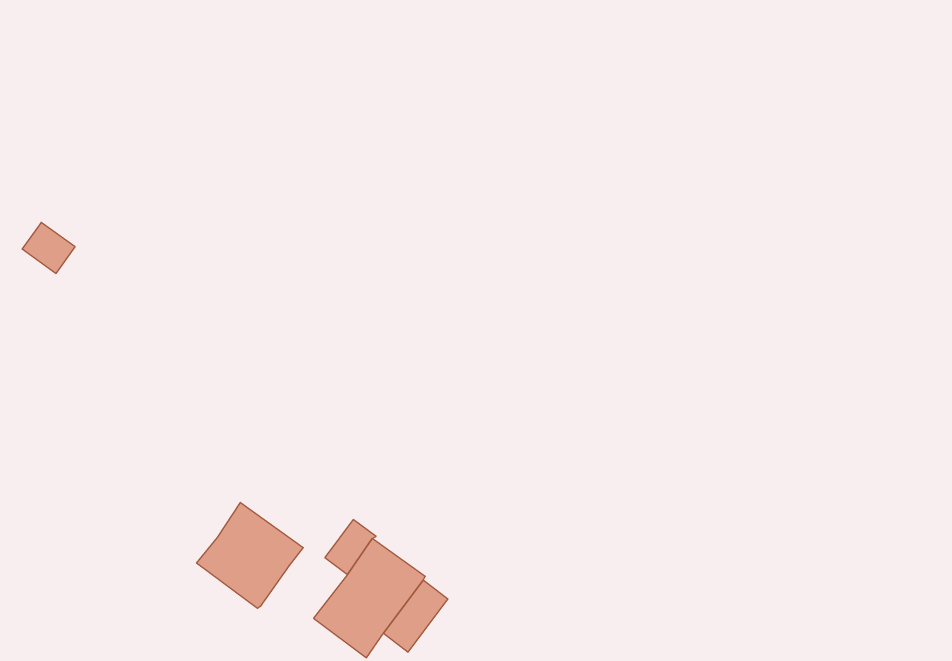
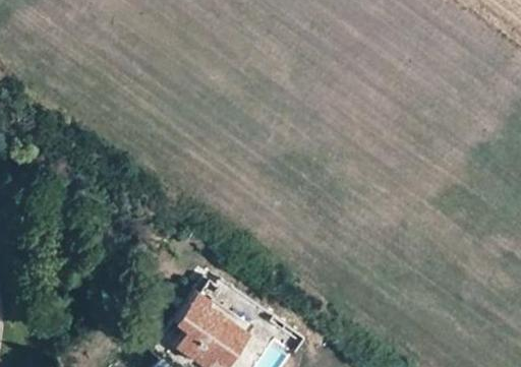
building: [197,502,303,608] -> none

